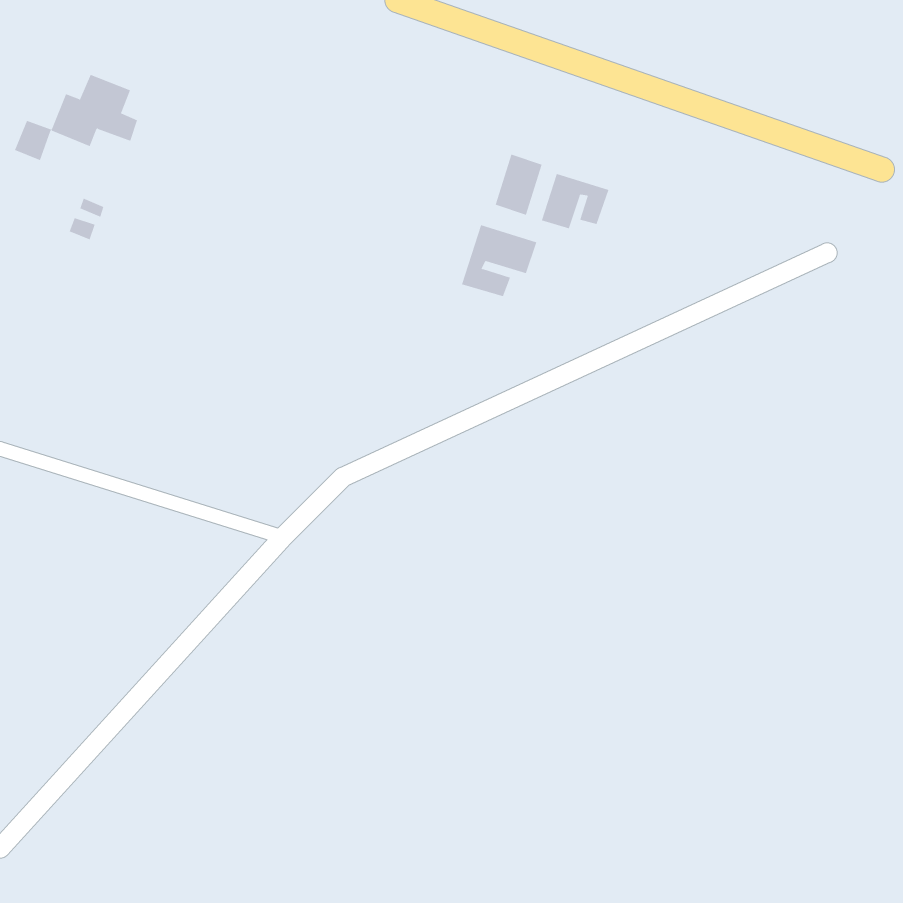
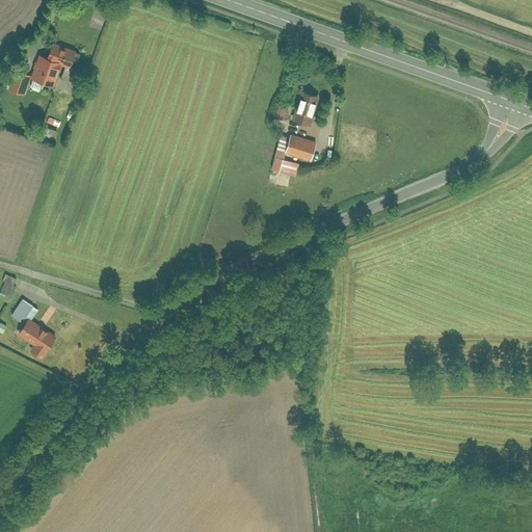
building: [541,173,609,229] -> none
building: none -> [11,299,57,358]

